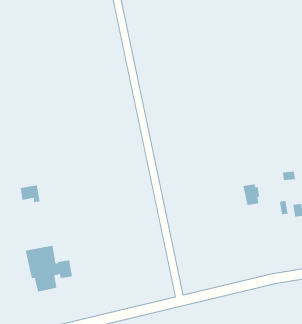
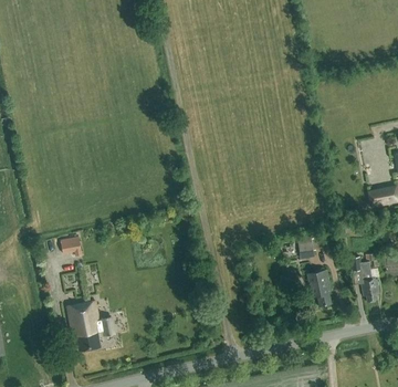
building: none -> [306,270,331,306]

